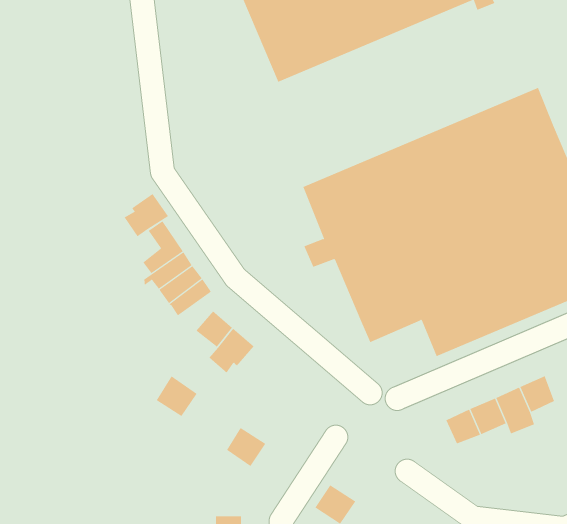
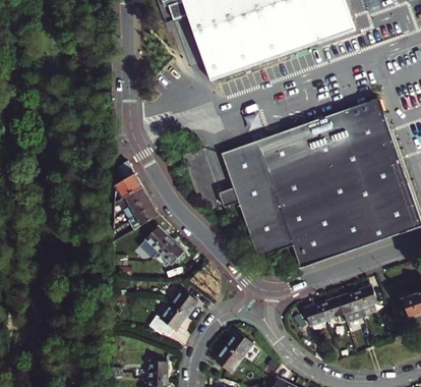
building: [124,193,169,237] -> none
building: [156,376,197,417] -> [170,288,197,316]
building: none -> [226,330,253,357]

